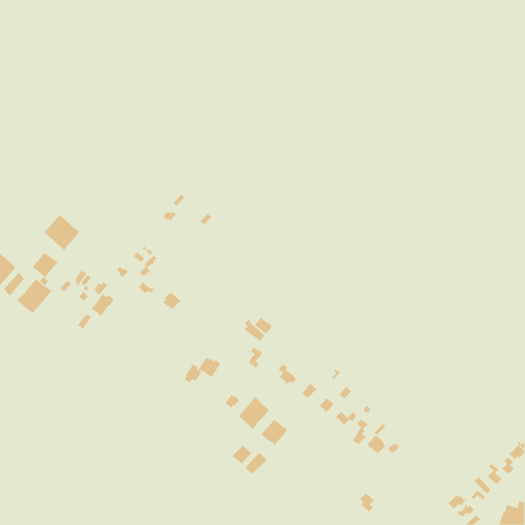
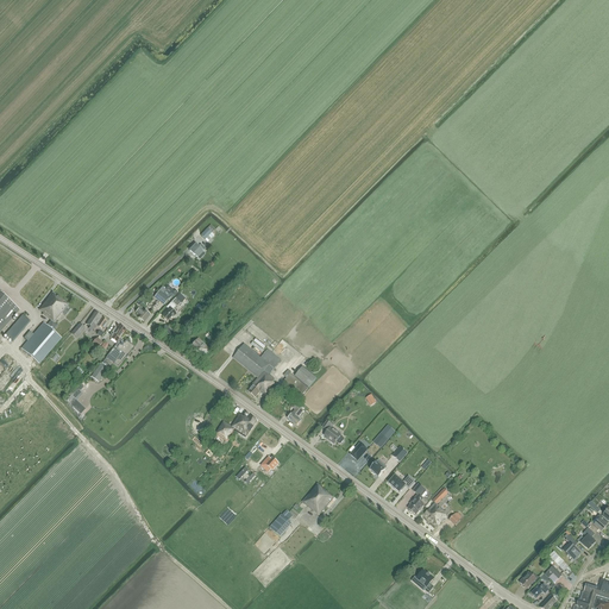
building: [44,214,80,251] -> none
building: none -> [232,344,281,397]
building: [238,397,270,430] -> none

